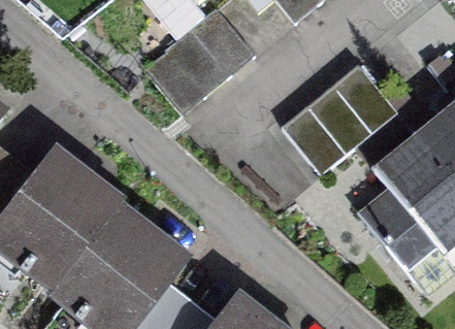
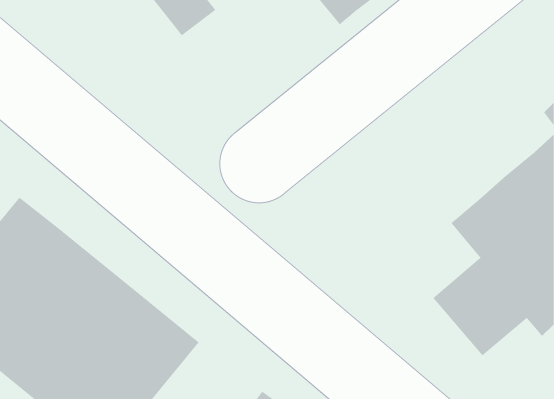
building: [165,8,255,96] -> none
building: [281,64,397,174] -> none

